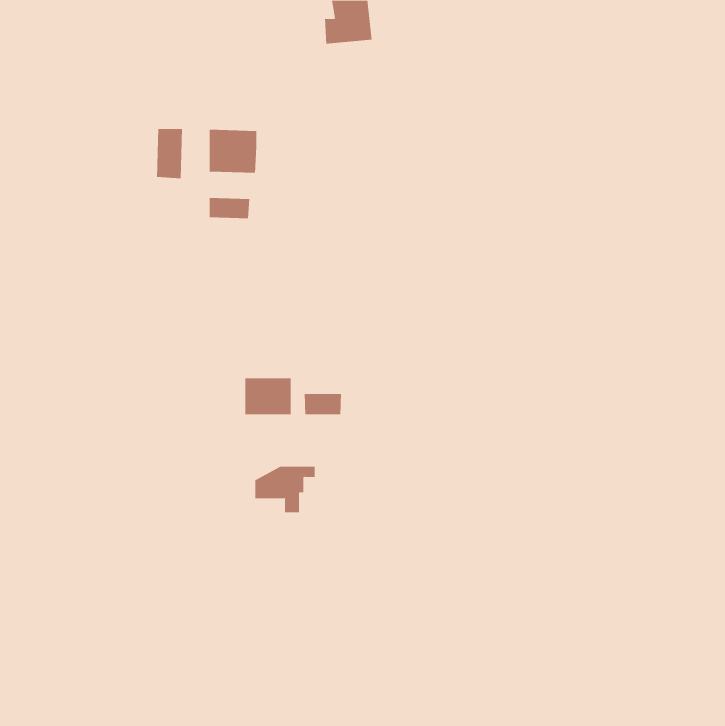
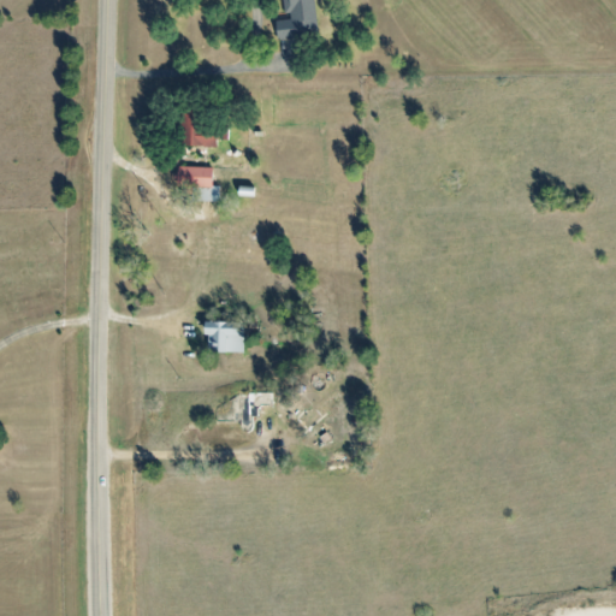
building: [157,128,183,179] -> none
building: [304,393,341,415] -> none

